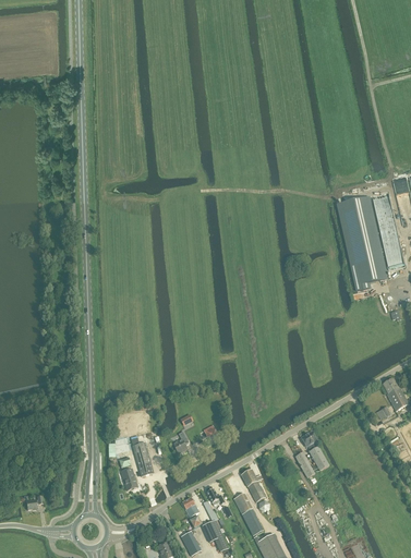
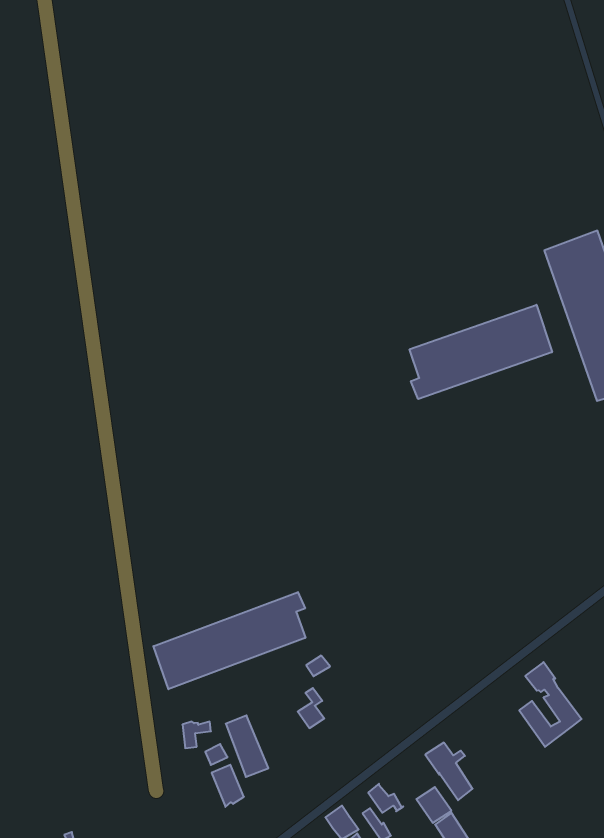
building: none -> [410,305,552,399]
building: none -> [153,592,305,689]

